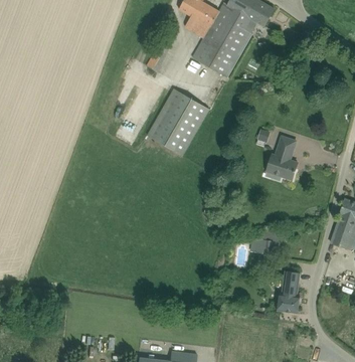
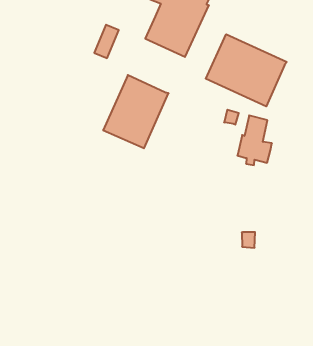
building: none -> [206,34,287,106]
building: [276,270,300,314] -> none

